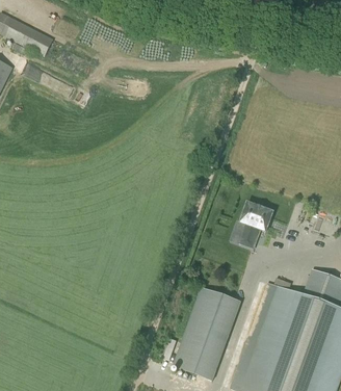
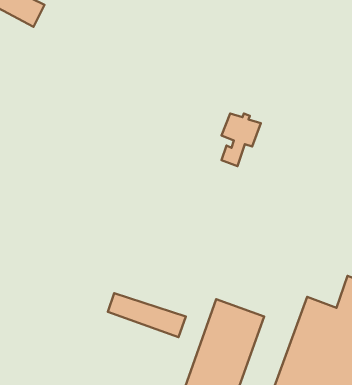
building: [239,202,272,246] -> [222,113,261,166]
building: none -> [108,293,186,337]

